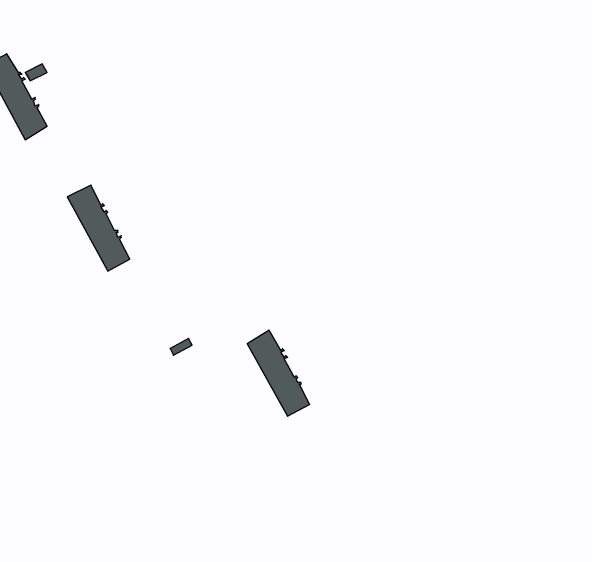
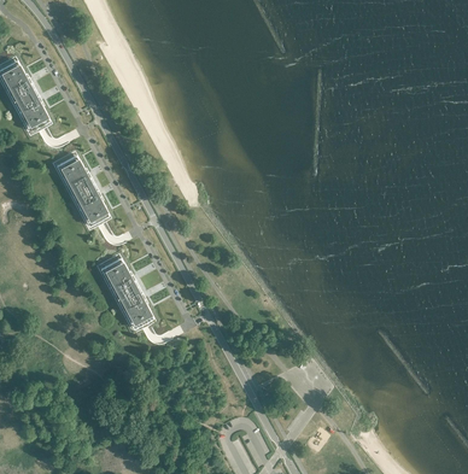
building: [247,330,310,416] -> [105,262,150,323]

